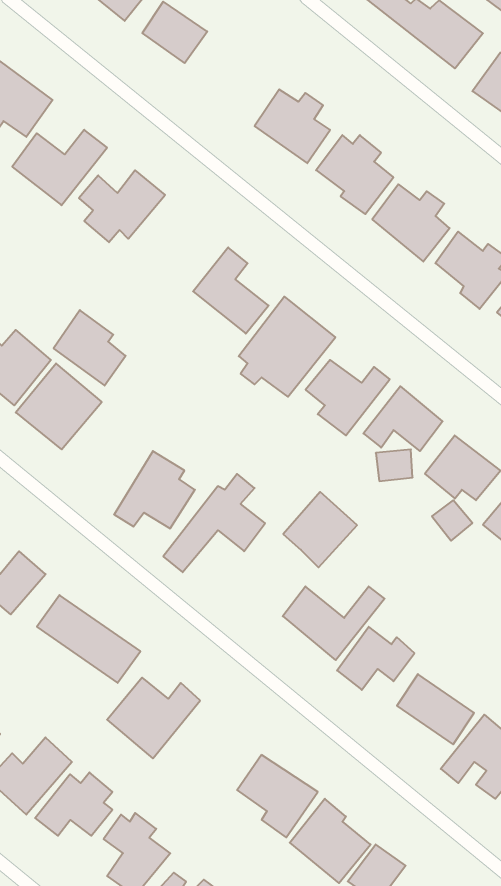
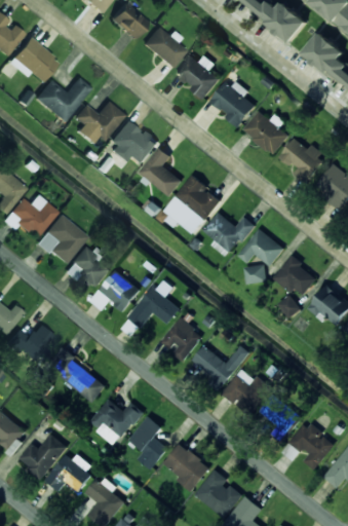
building: none -> [142,28,186,69]
building: none -> [107,121,158,166]
building: [54,310,126,386] -> [69,243,111,288]
building: [283,492,357,567] -> [162,317,205,362]
building: none -> [130,416,169,469]

